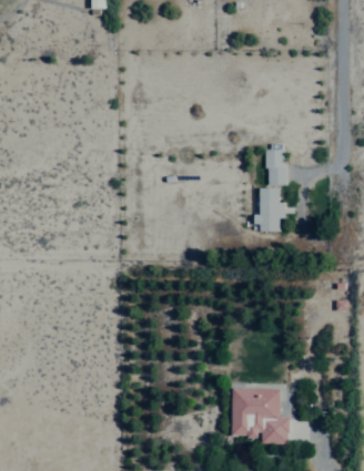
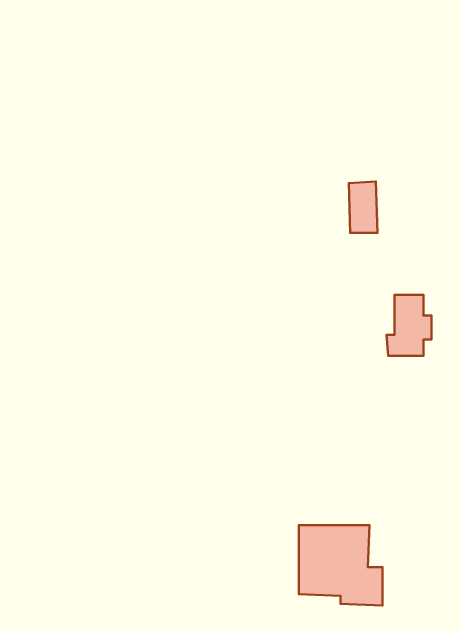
building: [254,188,285,231] -> [387,295,432,356]

